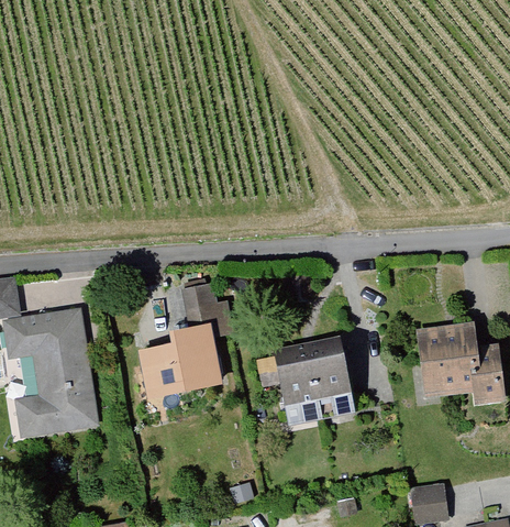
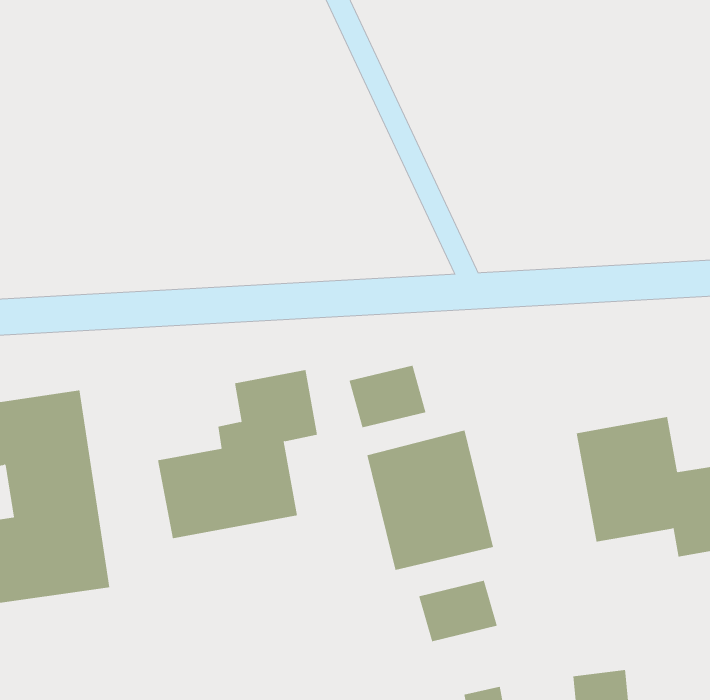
building: none -> [349,365,426,428]
building: none -> [419,580,497,642]

